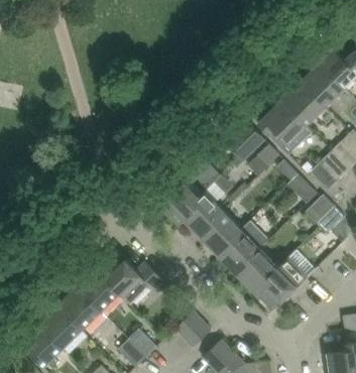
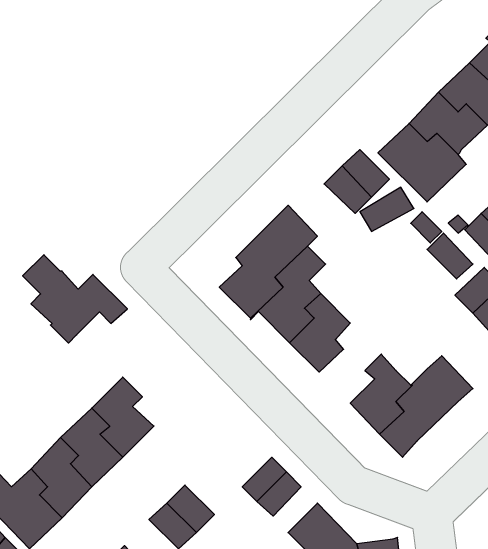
building: [222,221,268,278] -> none
building: [102,250,166,304] -> [23,255,127,343]

